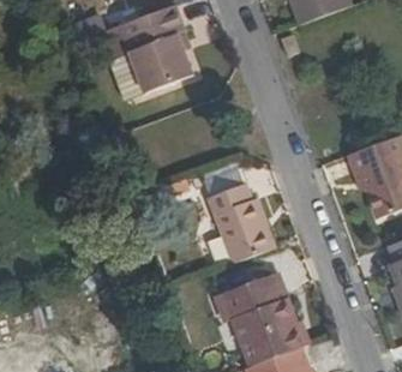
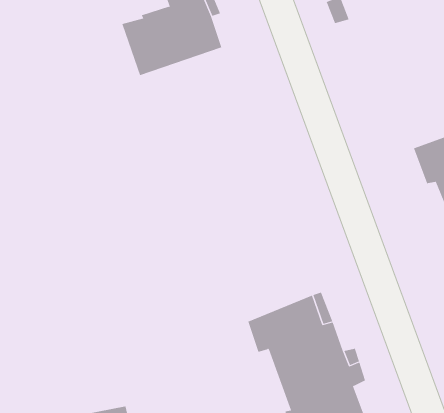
building: [209,184,278,264] -> none

